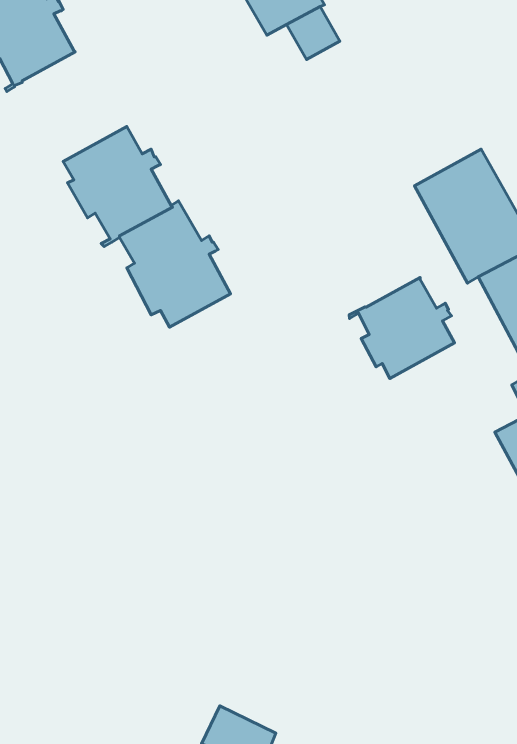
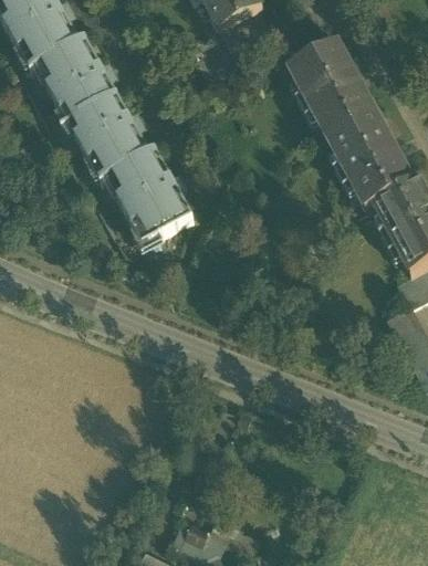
building: none -> [34,35,116,119]
building: none -> [286,40,374,137]
building: [349,278,454,378] -> none

